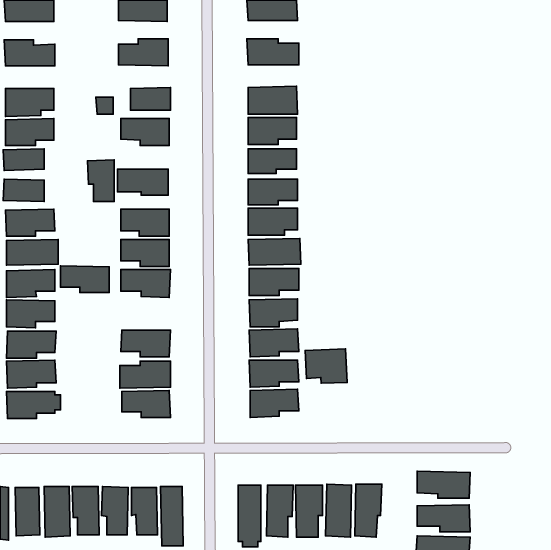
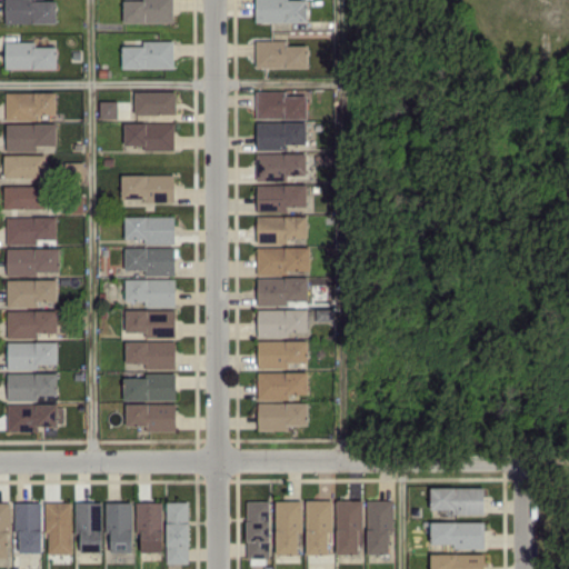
building: [87,160,114,201] -> none
building: [61,266,109,293] -> [124,310,174,338]
building: [305,349,347,383] -> none

